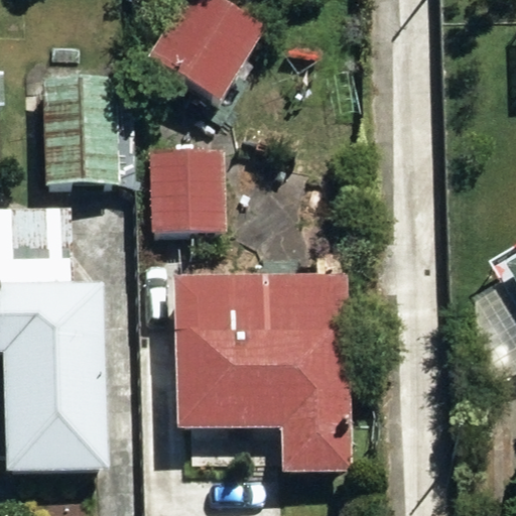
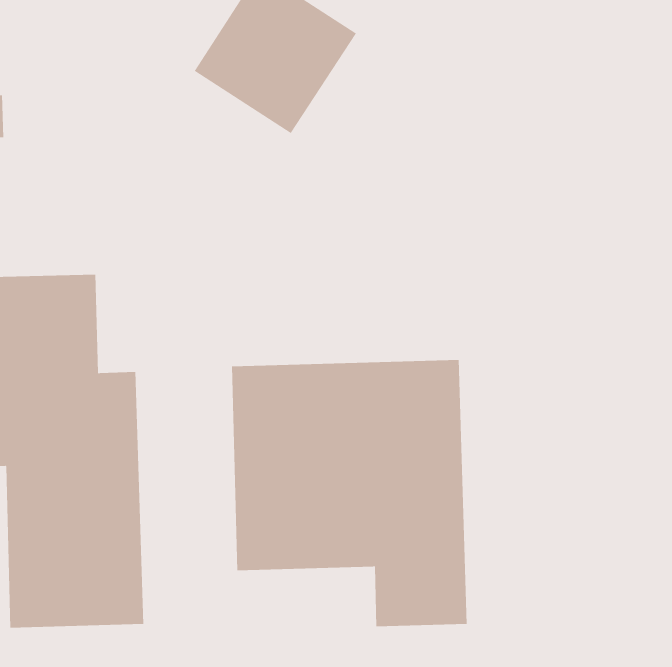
building: [40,74,119,183] -> none
building: [148,145,224,230] -> none

